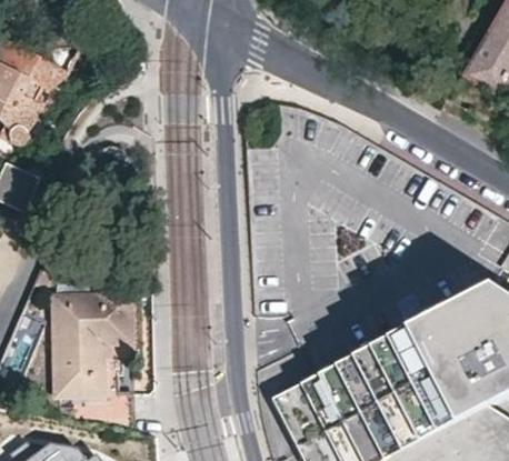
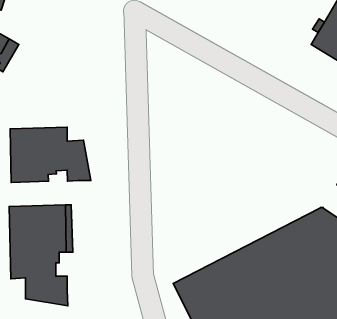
building: none -> [10,127,91,183]

